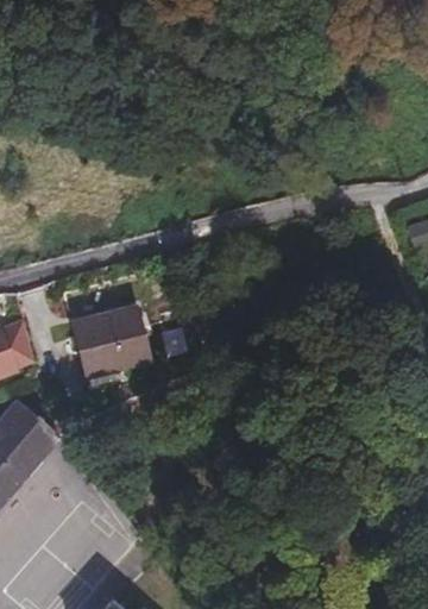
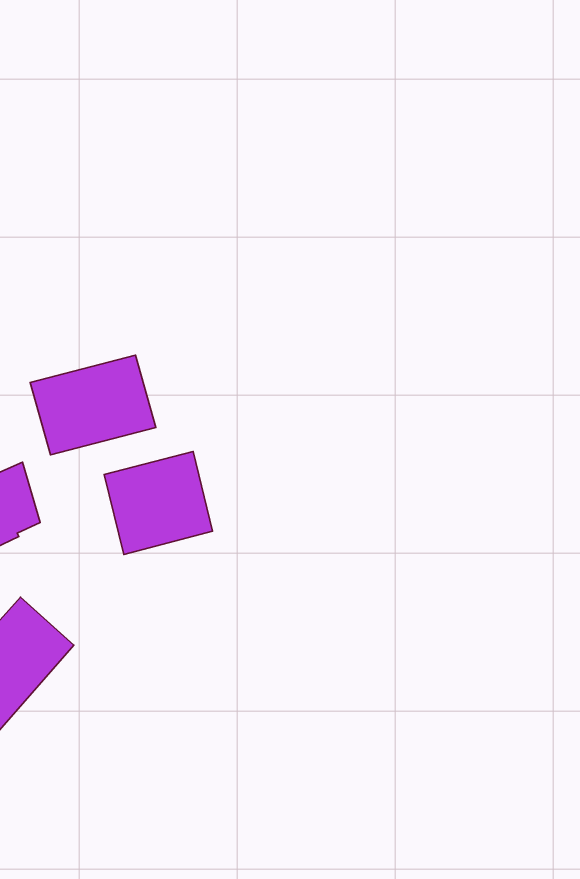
building: none -> [30,355,156,455]

